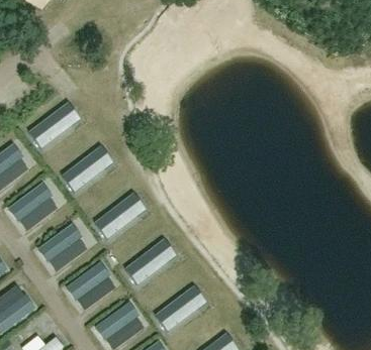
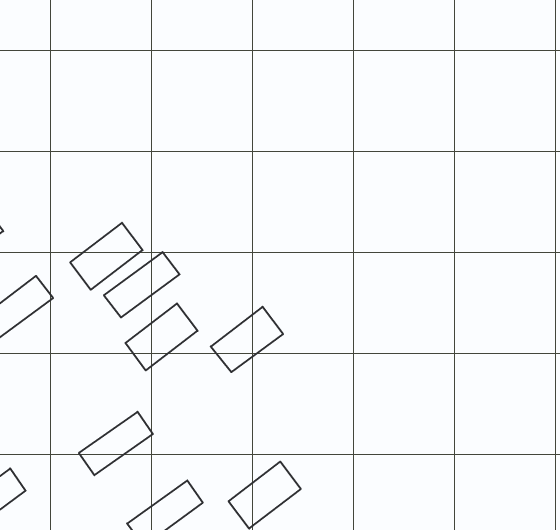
building: [29,108,73,146] -> none
building: [38,224,83,262] -> [104,252,180,317]
building: [125,245,168,283] -> [211,307,283,372]

